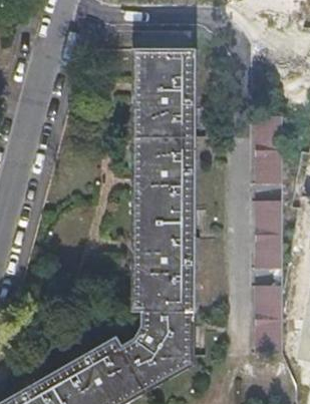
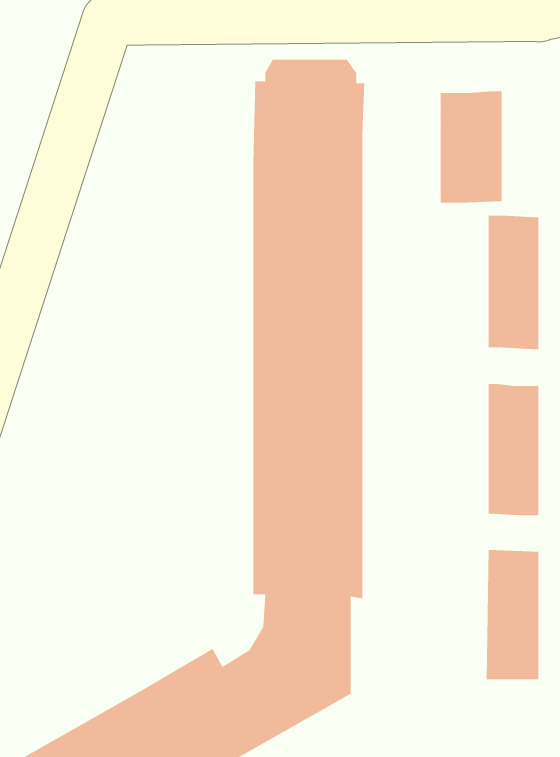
building: none -> [440,90,502,204]

